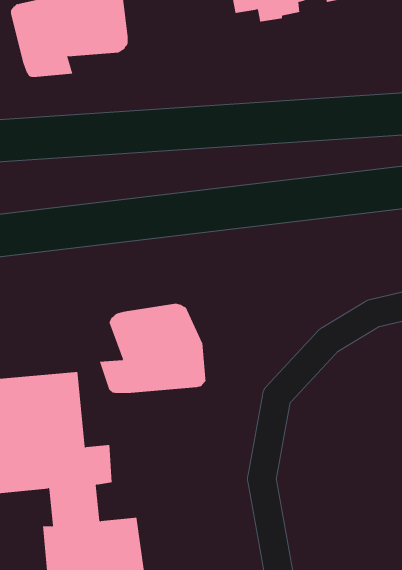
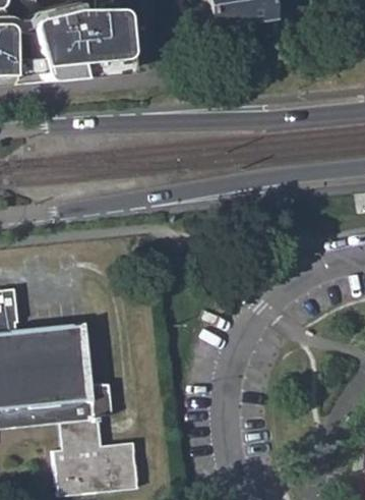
building: [99,303,207,394] -> none

